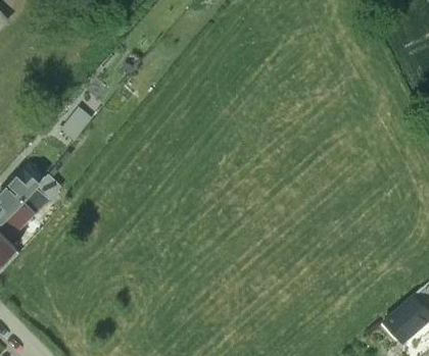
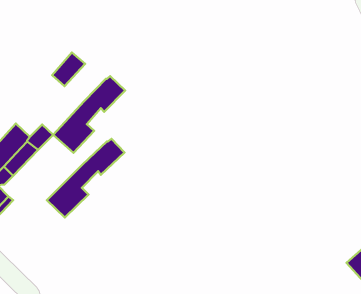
building: none -> [53,76,125,153]
building: none -> [47,139,125,218]

